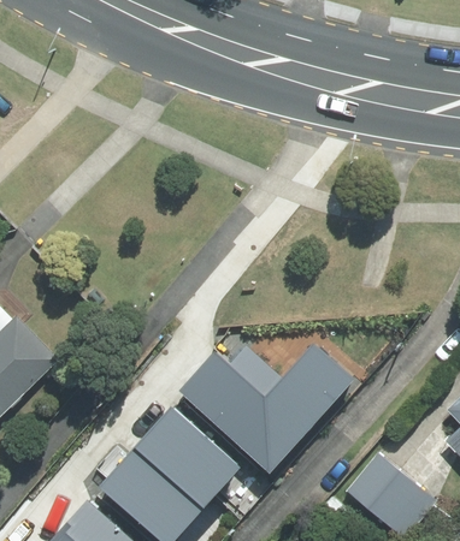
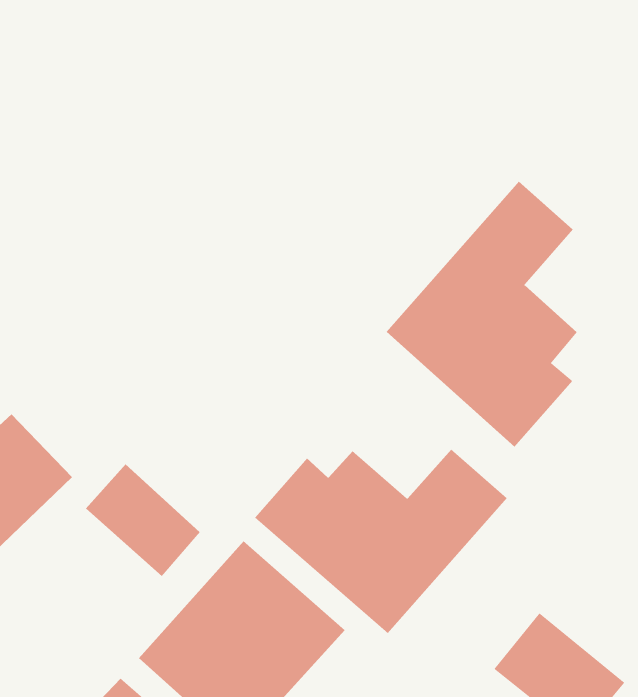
building: none -> [386,181,578,448]
building: none -> [85,464,201,577]

